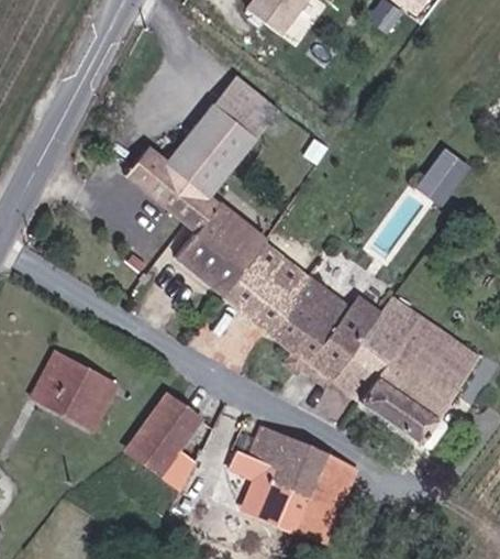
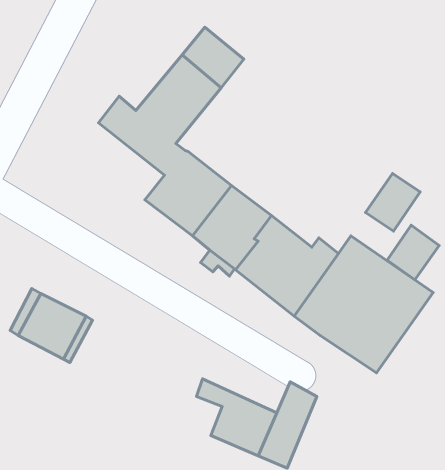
building: [413,140,471,201] -> [366,173,420,231]
building: none -> [387,225,439,280]
building: [127,396,200,489] -> none
building: [235,424,329,485] -> none

